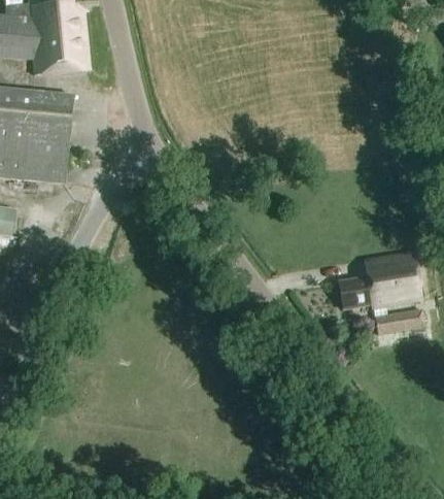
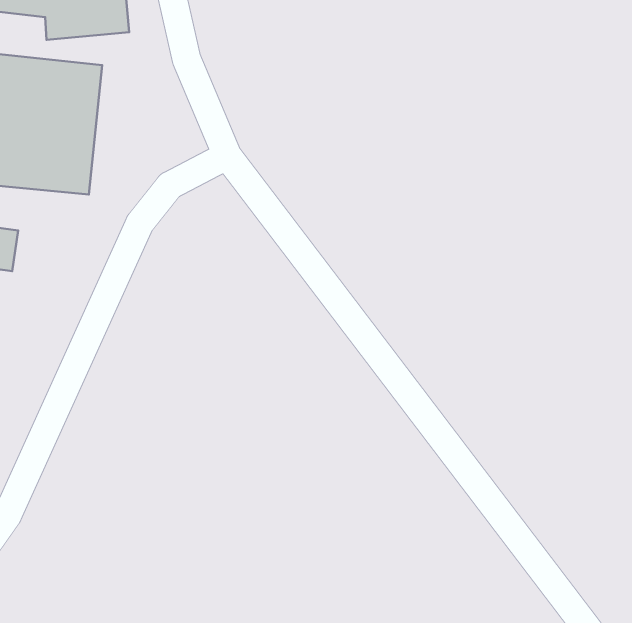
building: [336,253,424,333] -> none

